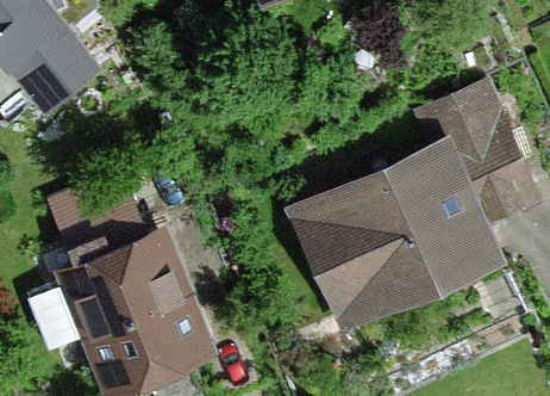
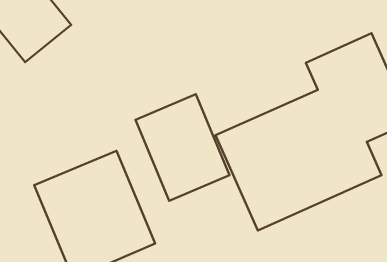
building: none -> [136,94,229,201]

